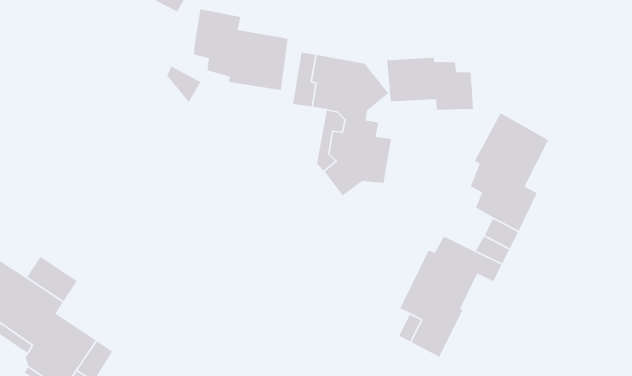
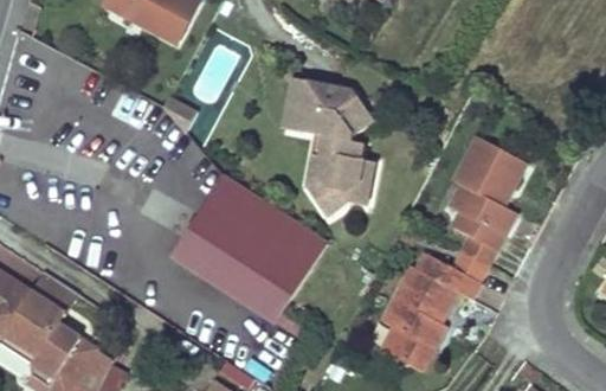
building: [193,8,289,91] -> none
building: [386,57,474,111] -> none
building: none -> [176,175,328,319]

